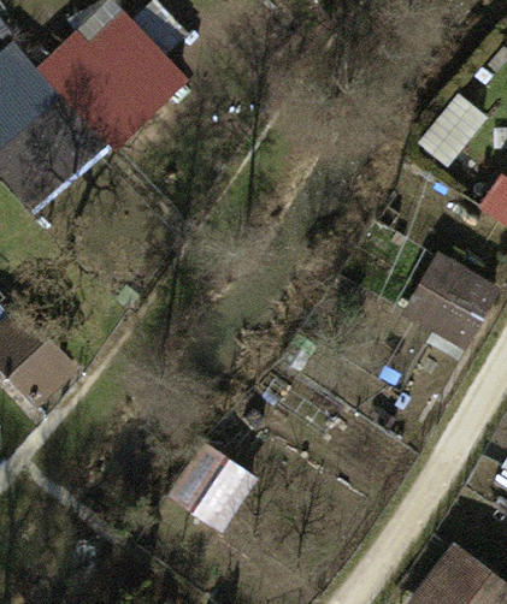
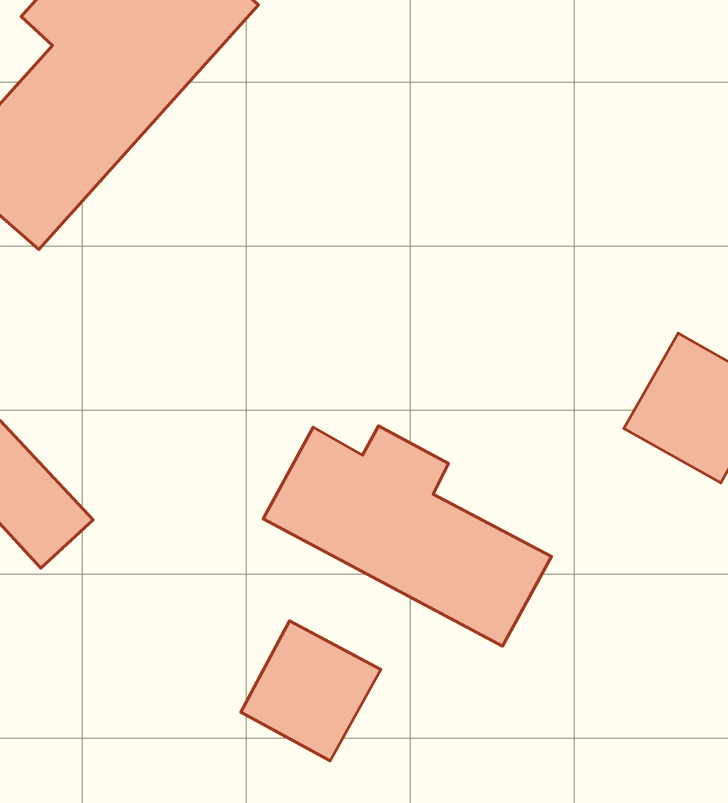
building: none -> [263,426,551,646]

